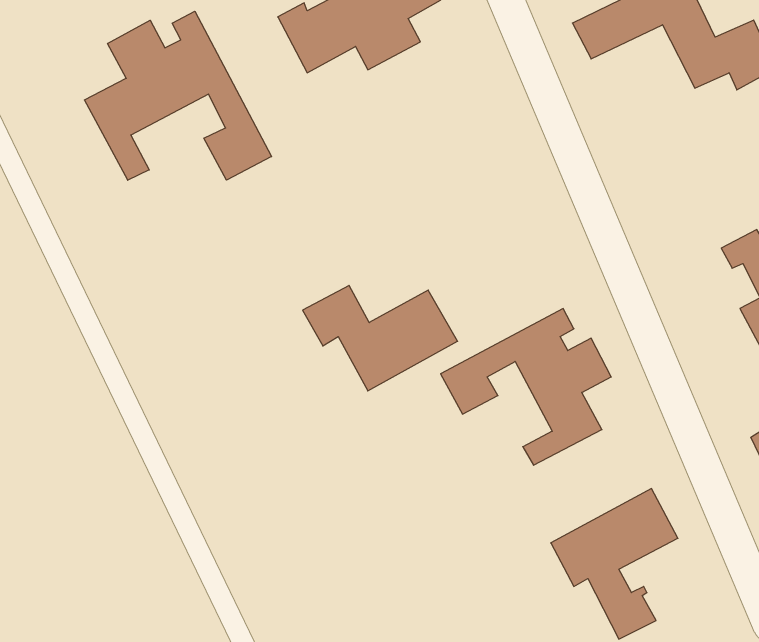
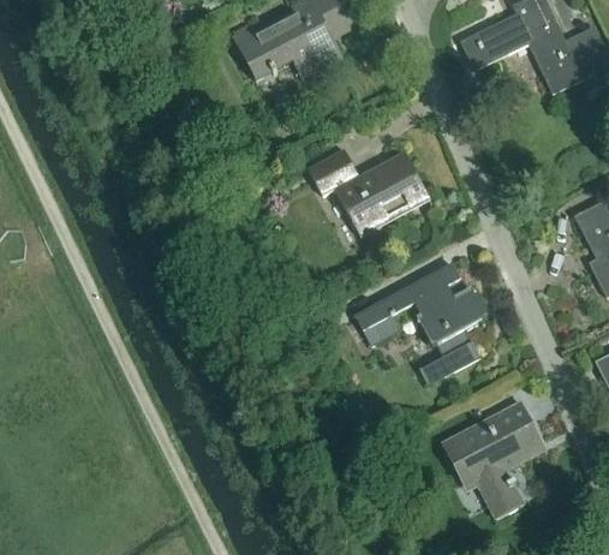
building: [84,11,272,180] -> none
building: [303,285,458,391] -> [308,149,428,231]

